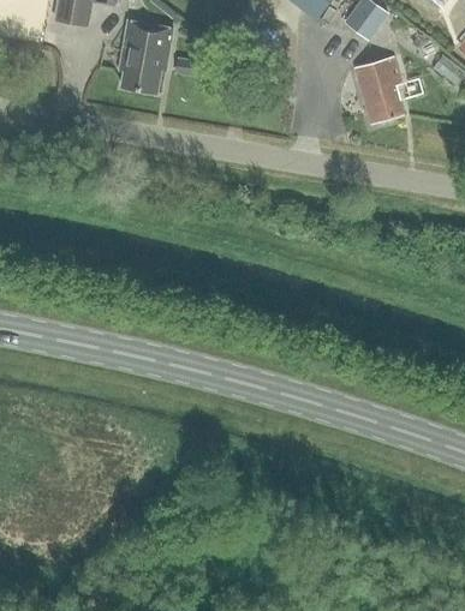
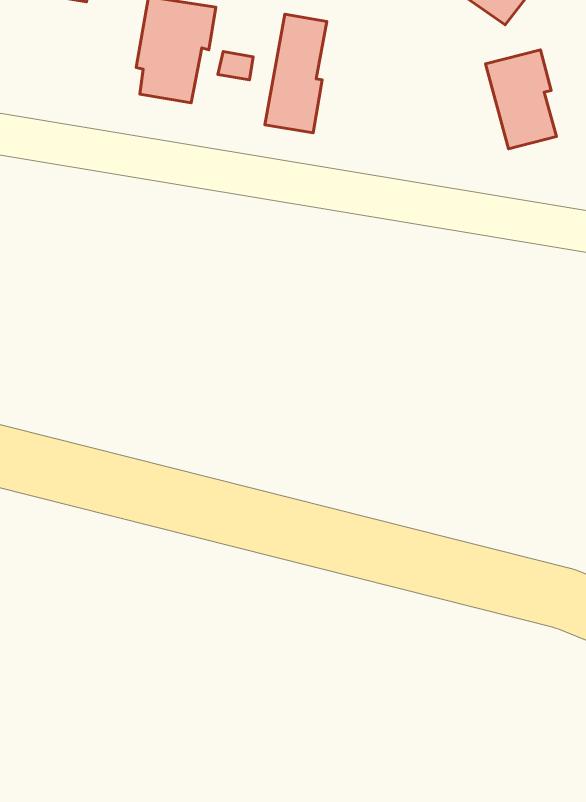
building: none -> [265,14,327,133]

